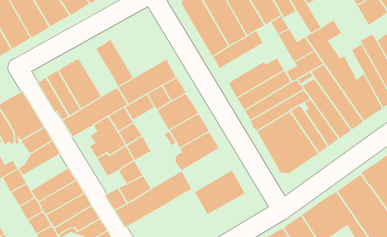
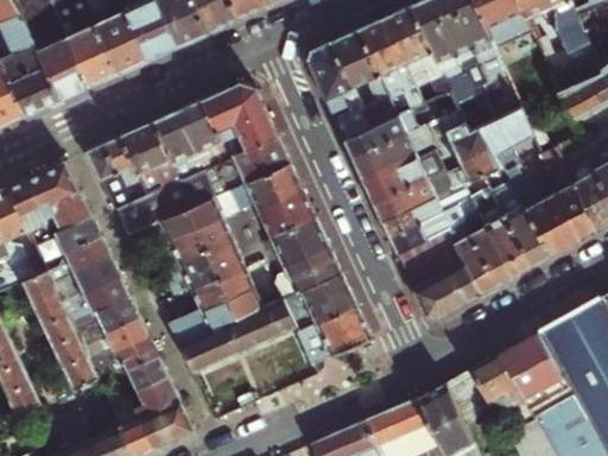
building: none -> [201,83,278,159]
building: none -> [352,124,433,180]
building: none -> [152,112,203,180]
building: none -> [283,273,355,332]
building: none -> [216,267,262,321]
building: none -> [53,256,121,305]

